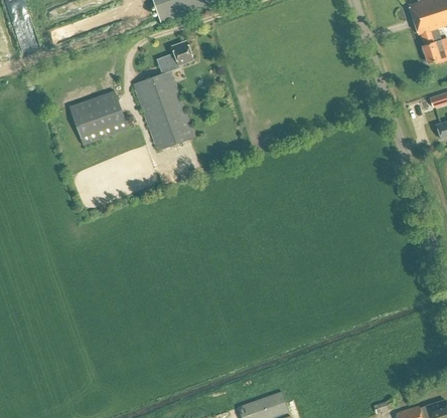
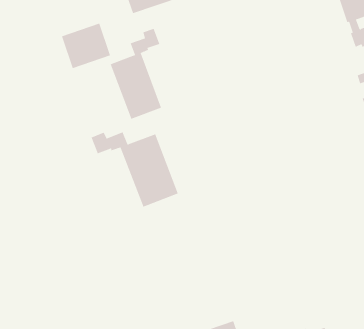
building: [69,90,129,146] -> [61,23,111,69]
building: none -> [91,131,178,207]

